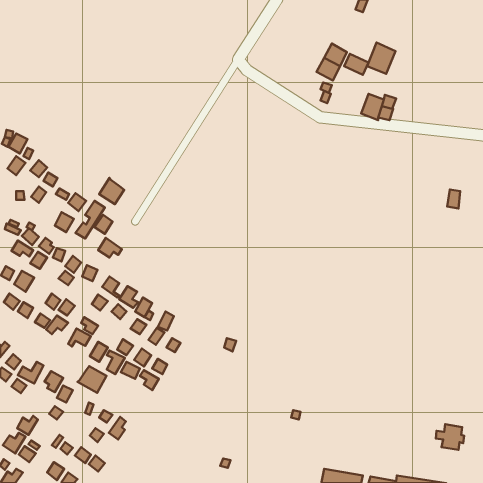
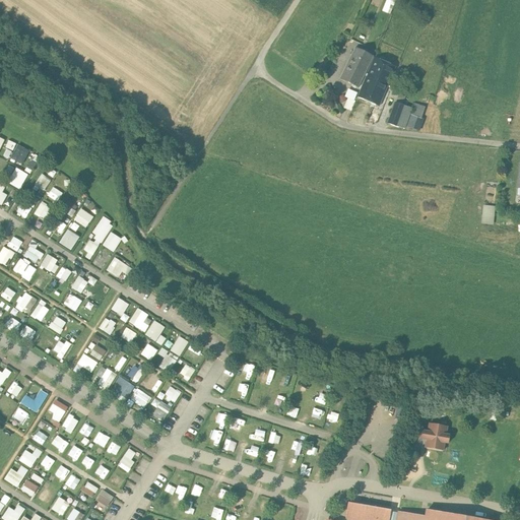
building: [367,43,395,74] -> [360,71,390,105]
building: [99,178,124,204] -> none
building: [77,366,107,393] -> none
building: [436,424,464,450] -> [418,422,449,450]

